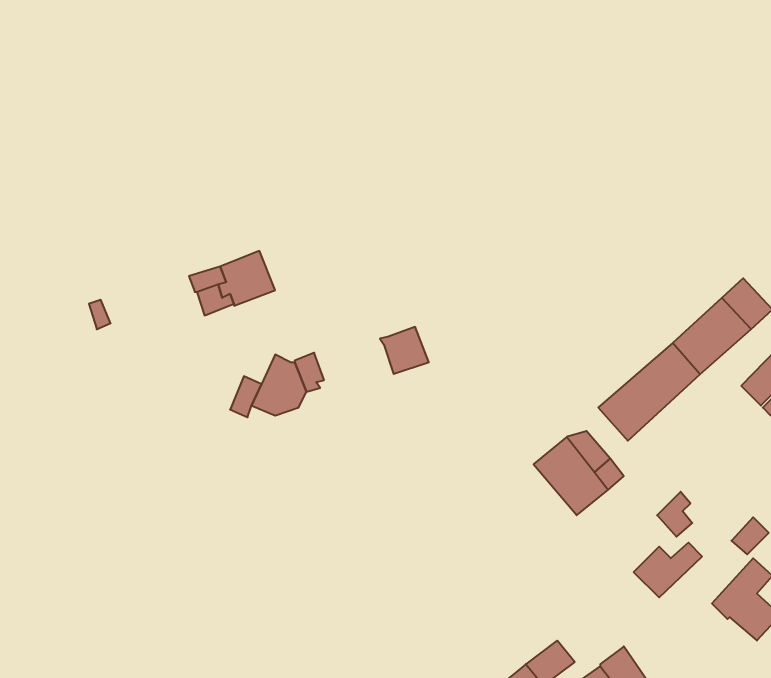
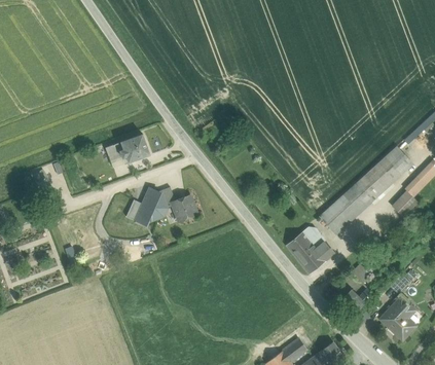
building: [380,327,429,374] -> [171,196,196,221]

